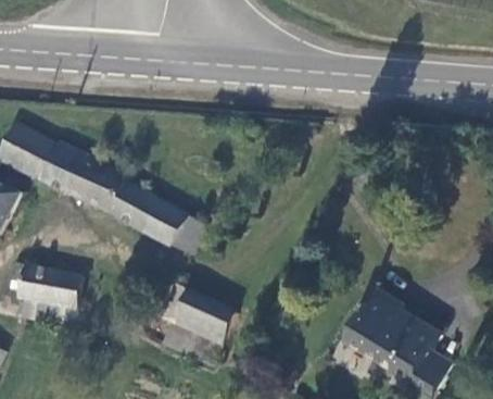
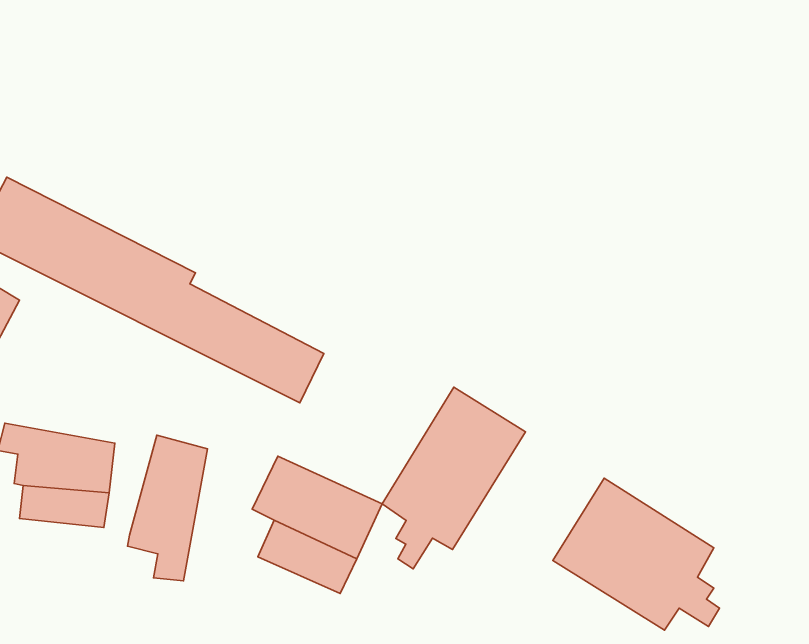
building: none -> [382,387,526,569]
building: none -> [128,435,208,581]

